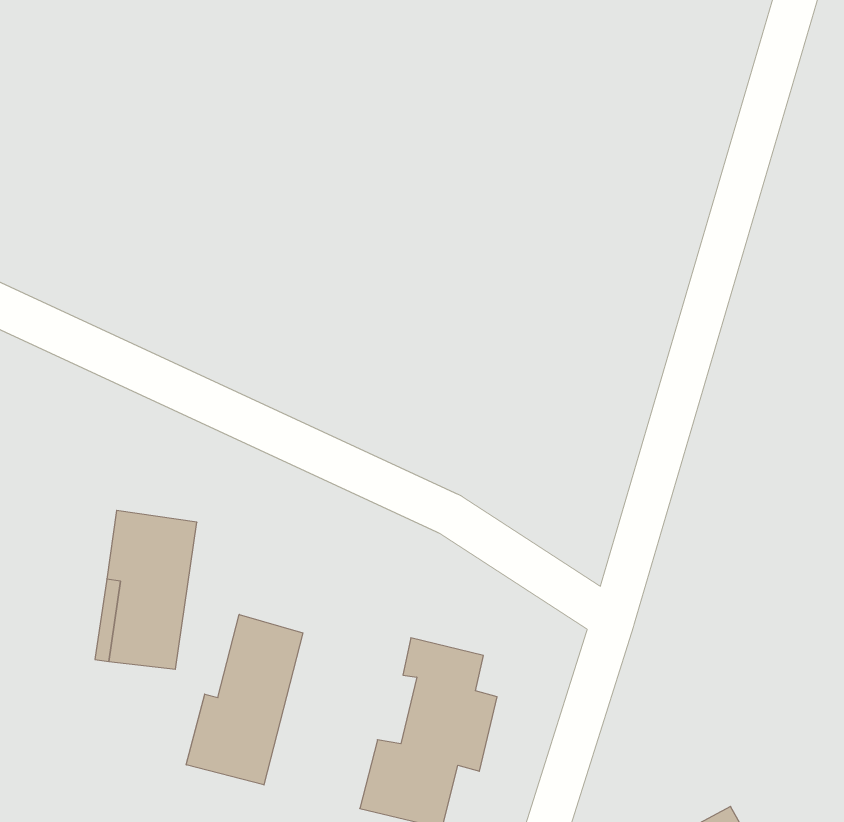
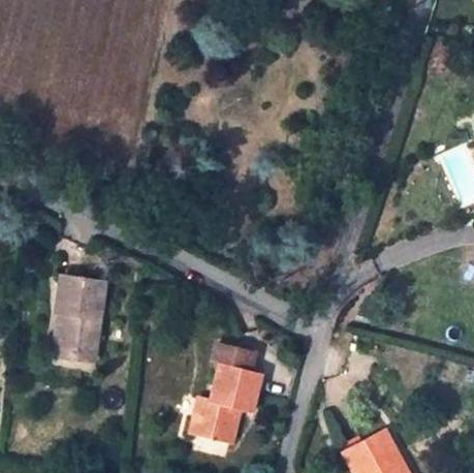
building: [186,614,303,785] -> none

